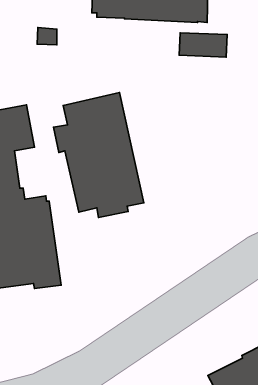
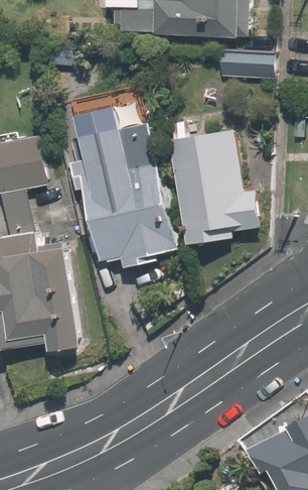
building: none -> [168,121,259,244]

